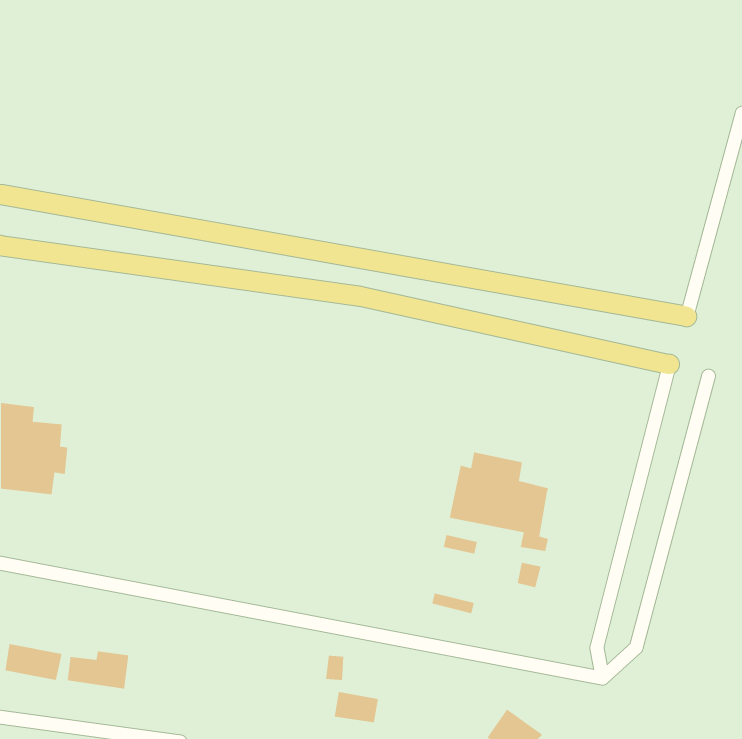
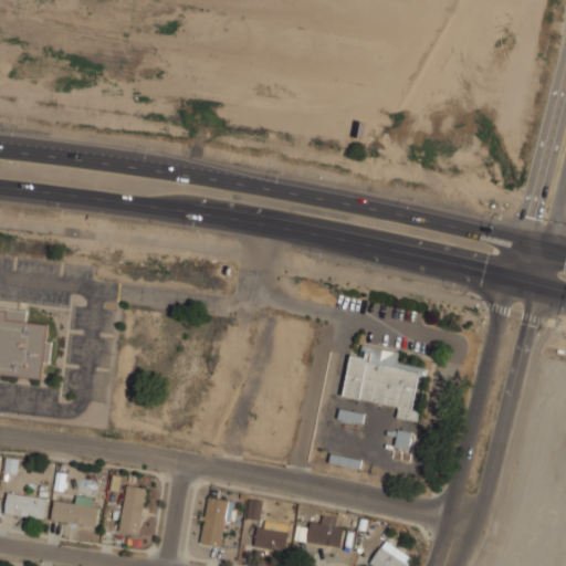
building: none -> [118,486,145,535]
building: none -> [201,499,229,548]
building: none -> [307,517,344,548]

